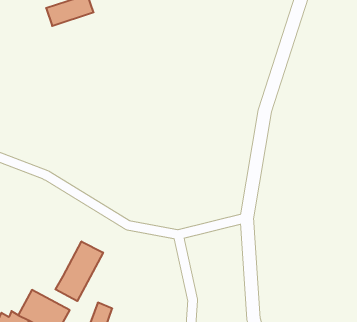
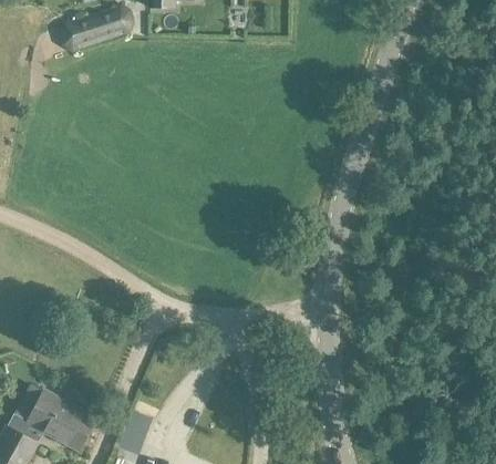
building: [55,241,103,301] -> none

